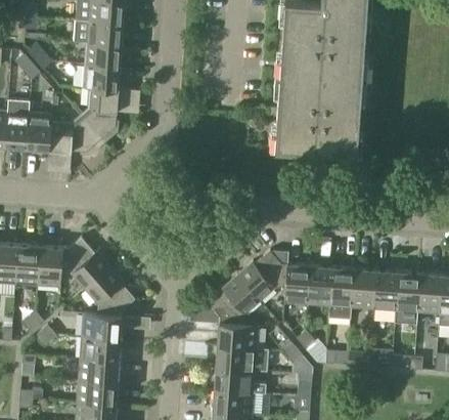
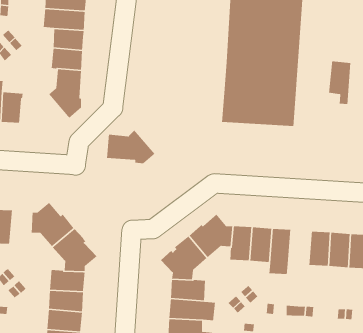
building: none -> [328,60,351,105]
building: [48,117,103,156] -> [106,129,155,164]
building: [37,247,61,288] -> none
building: [350,268,375,309] -> none

